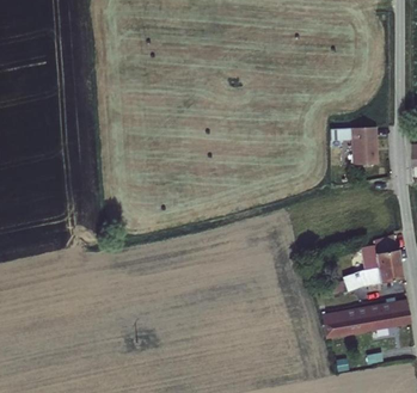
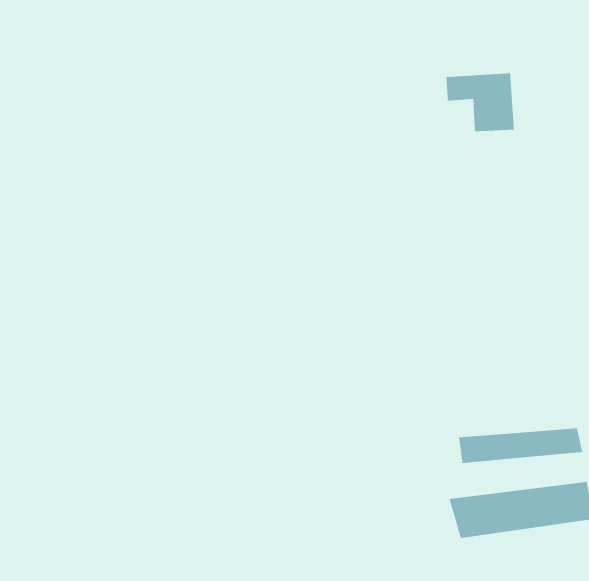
building: [331,125,374,162] -> [445,73,515,132]
building: [356,241,401,271] -> none

